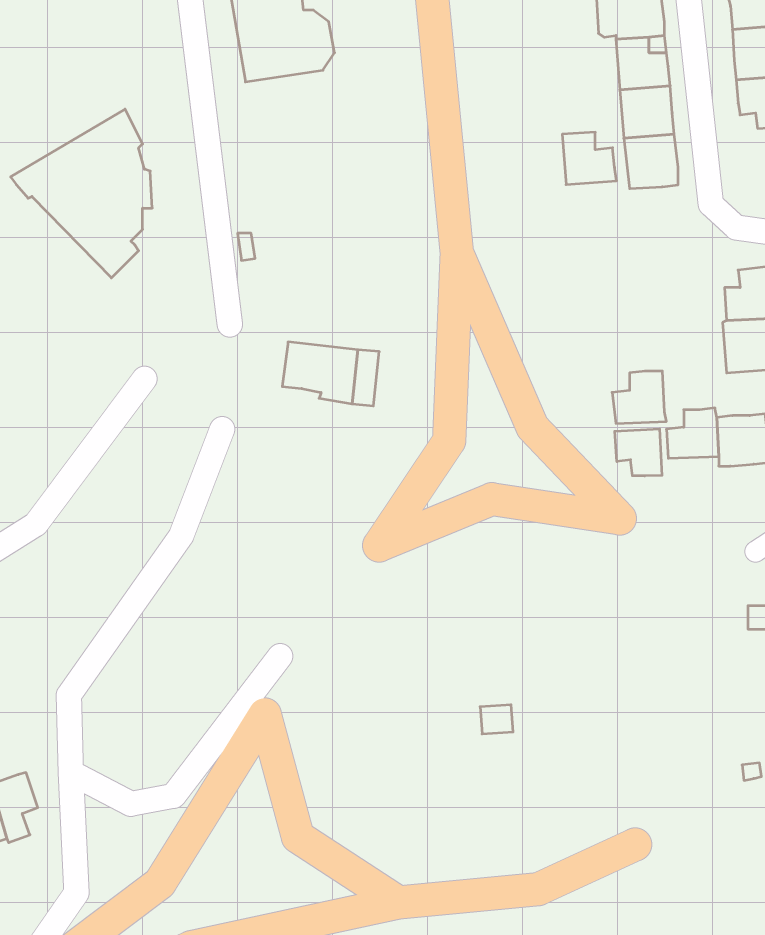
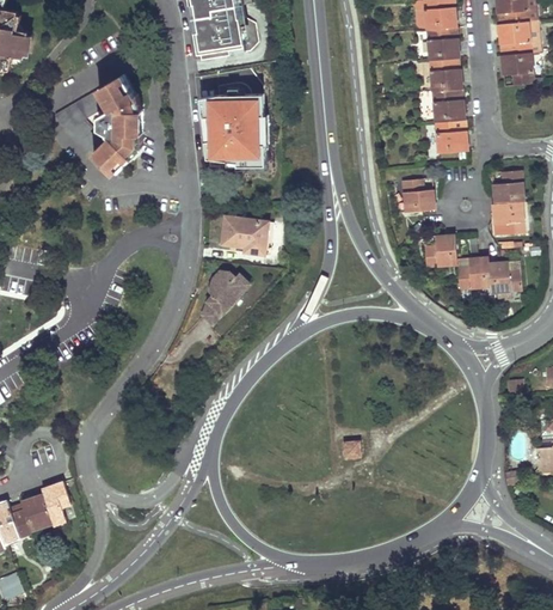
building: [562,132,617,185] -> [434,121,467,153]
building: none -> [201,96,272,171]
building: none -> [400,179,434,212]
building: [615,429,662,476] -> none
building: none -> [201,270,248,323]

